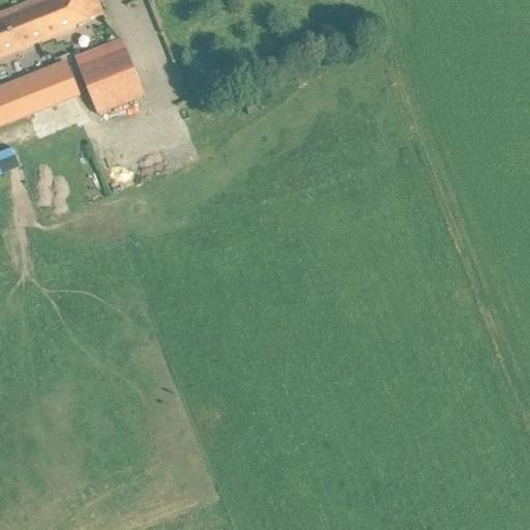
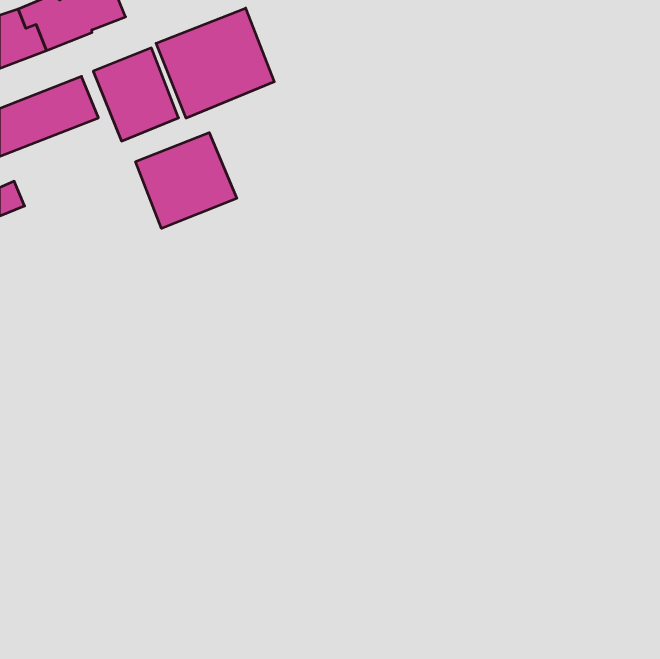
building: none -> [156,8,274,118]
building: none -> [136,133,237,228]

